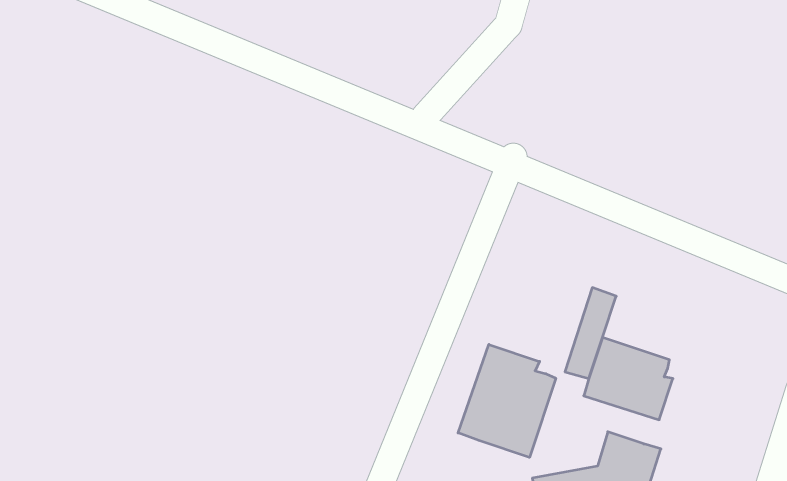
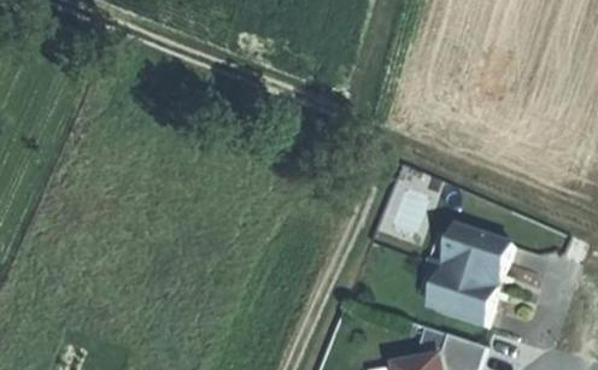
building: none -> [442,224,509,281]
building: [458,344,556,457] -> none

